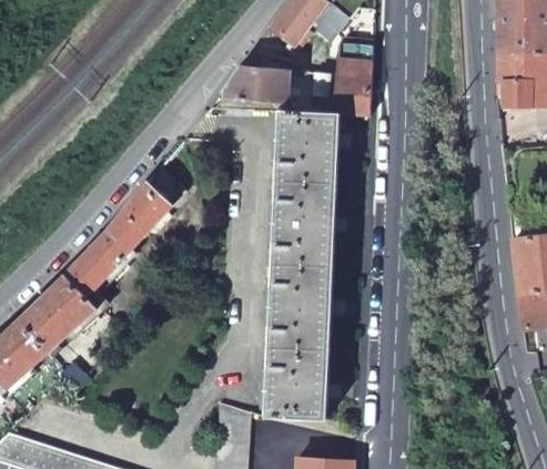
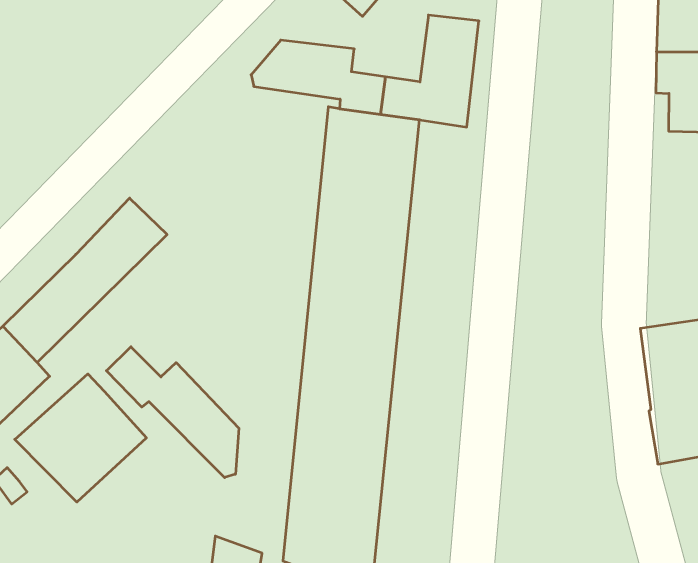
building: none -> [106,347,239,478]
building: none -> [15,374,146,502]

